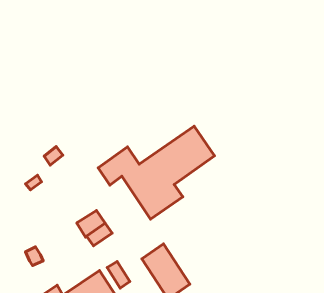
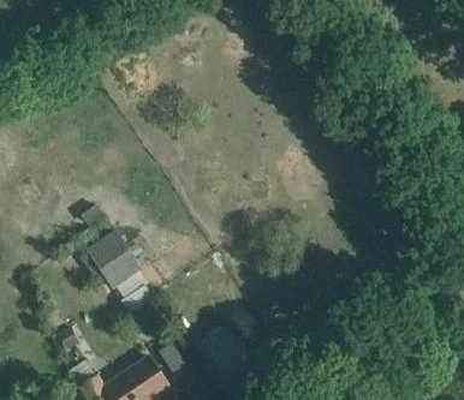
building: [98,126,215,219] -> none
building: none -> [99,231,145,286]

